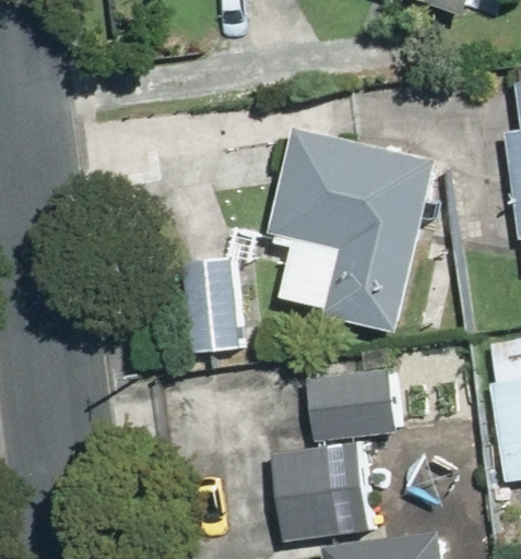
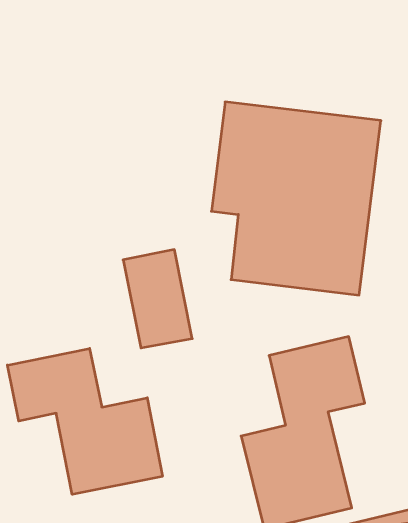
building: none -> [7,348,162,494]

